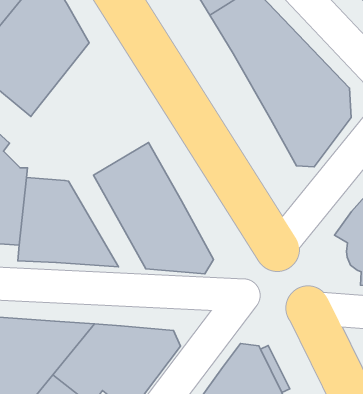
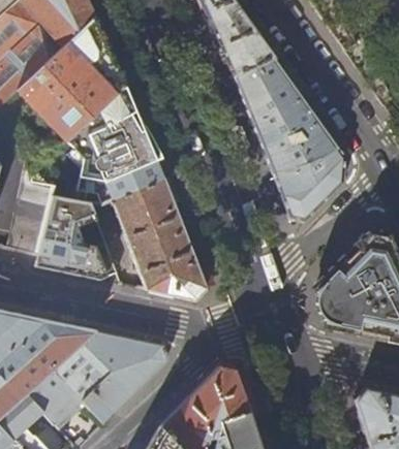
building: none -> [67,86,163,205]

